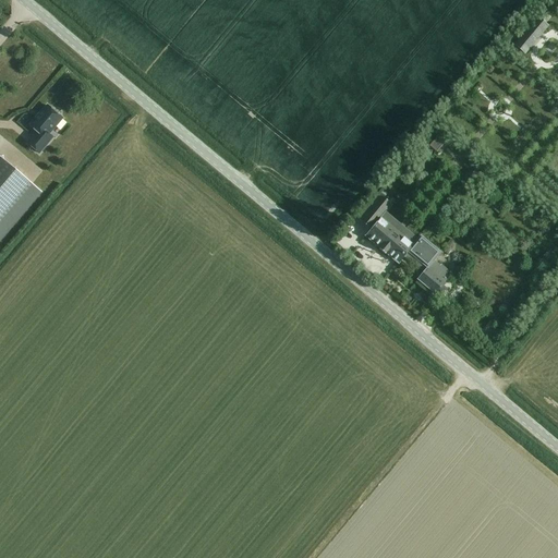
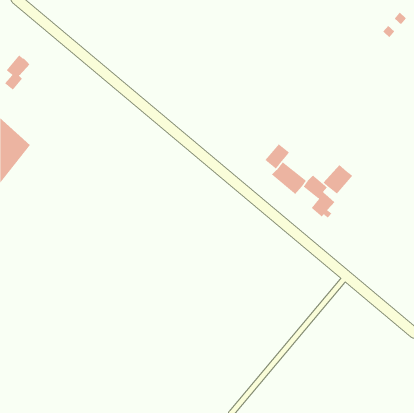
building: [26,104,61,151] -> [4,55,30,90]
building: none -> [323,164,353,195]

